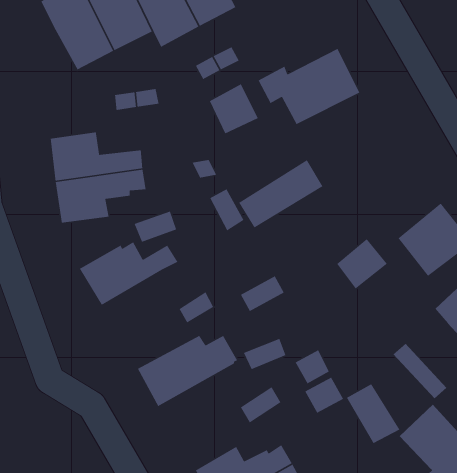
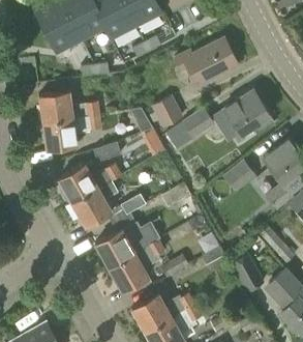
building: [209,83,259,135] -> [151,95,183,129]
building: none -> [222,89,275,137]
building: none -> [72,180,119,228]
building: none -> [109,240,164,292]

